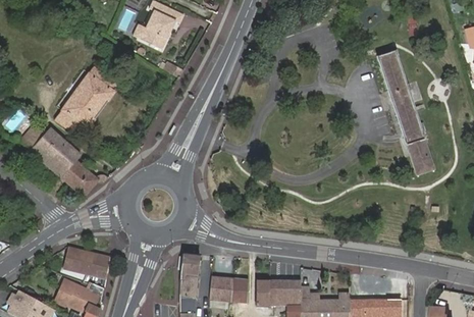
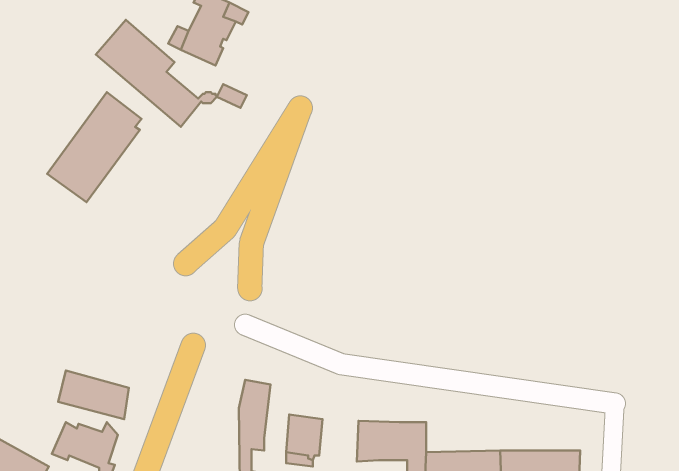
building: [377,50,435,175] -> none
building: [31,127,109,197] -> [96,20,217,127]
building: [231,278,249,304] -> none

